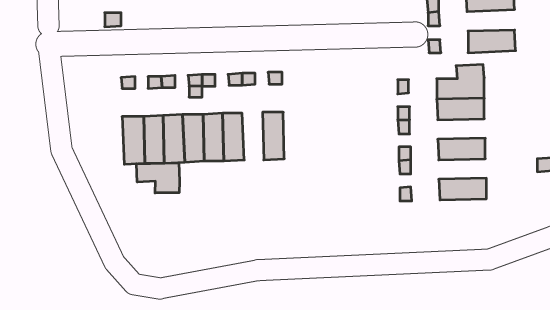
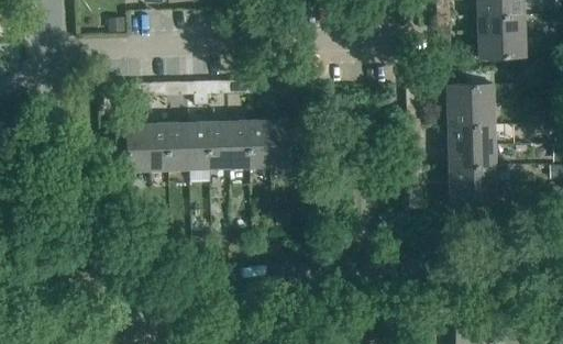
building: none -> [477,15,526,37]
building: none -> [249,120,271,168]
building: none -> [448,126,496,147]
building: none -> [449,167,497,188]
building: [136,163,180,193] -> none

